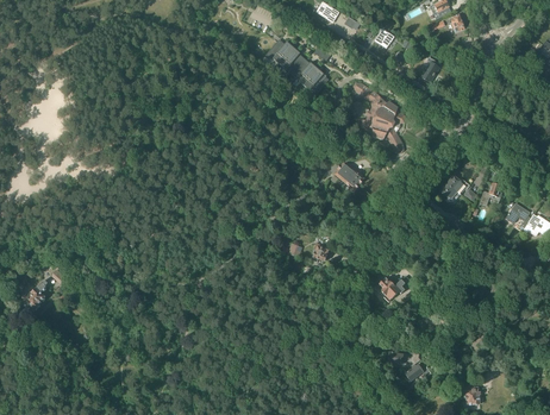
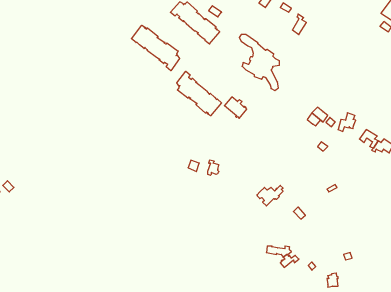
building: none -> [131,25,180,71]
building: none -> [177,71,222,116]

